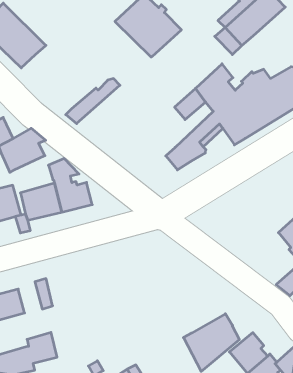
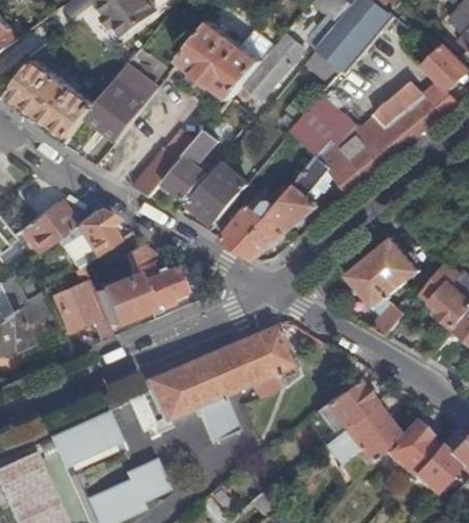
building: none -> [86,51,145,139]
building: none -> [246,33,304,98]
building: none -> [168,129,219,198]
building: none -> [190,162,248,223]
building: none -> [223,198,285,257]
building: none -> [347,237,421,335]
building: none -> [142,324,293,441]
building: none -> [315,381,372,435]

